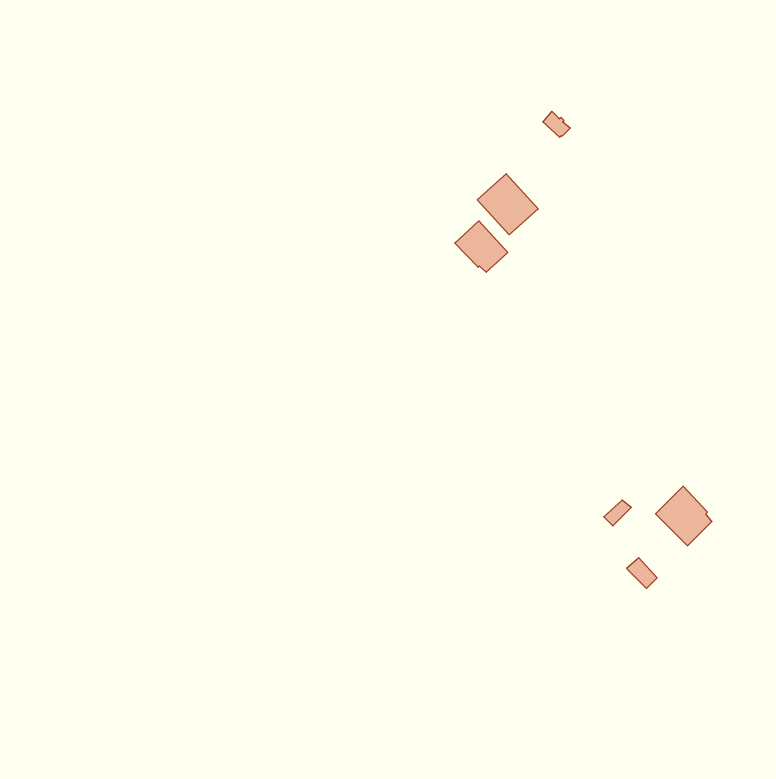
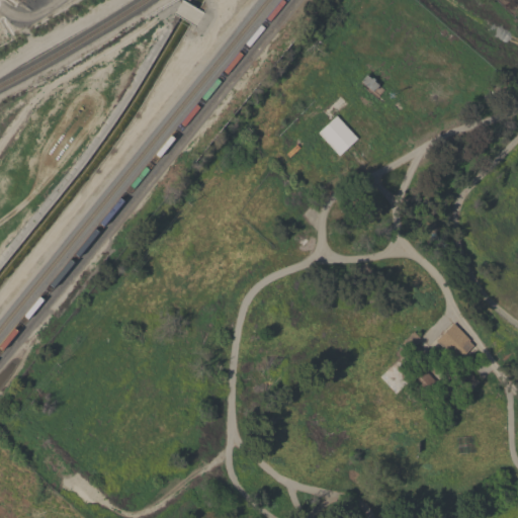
building: [455,221,508,272] -> none

